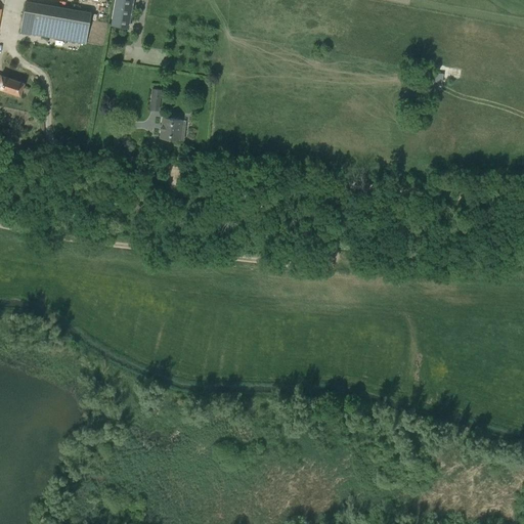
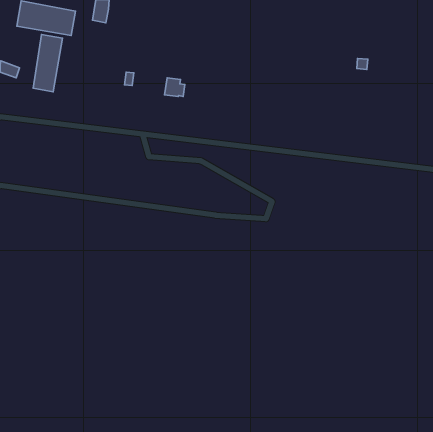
building: none -> [33,35,62,92]
building: [161,117,185,139] -> [164,78,185,96]

